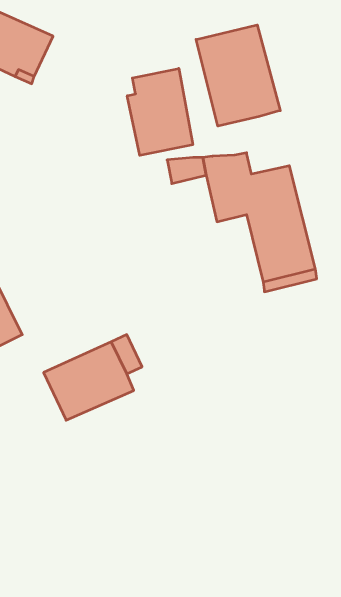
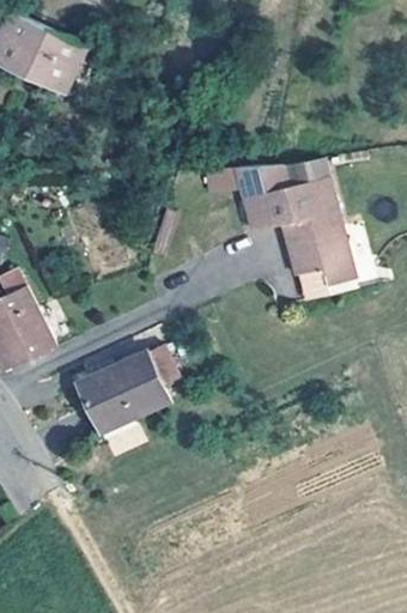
building: [196,25,280,126] -> none
building: [127,68,193,155] -> none

